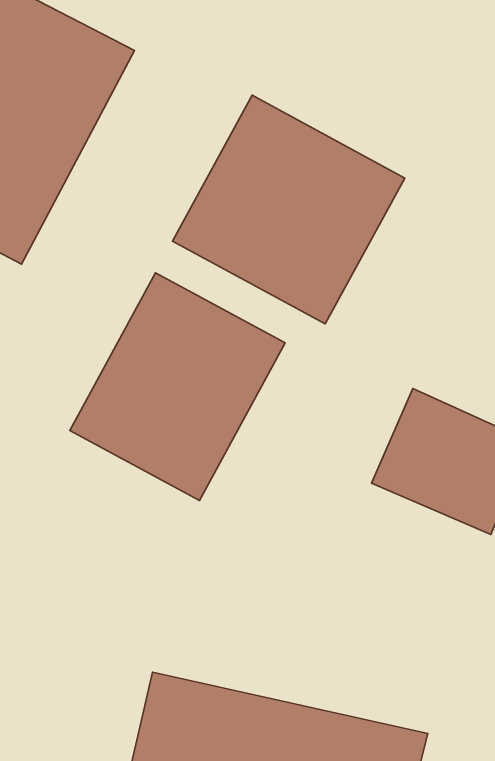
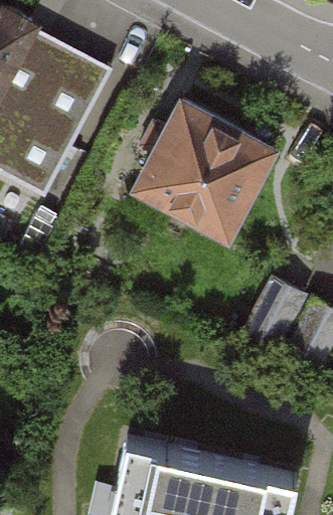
building: [70,273,285,501] -> none

